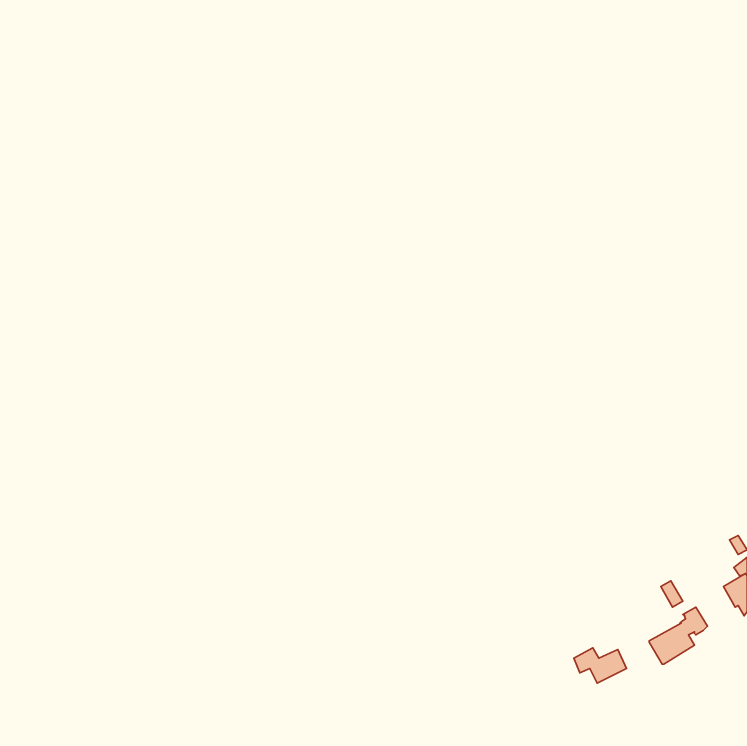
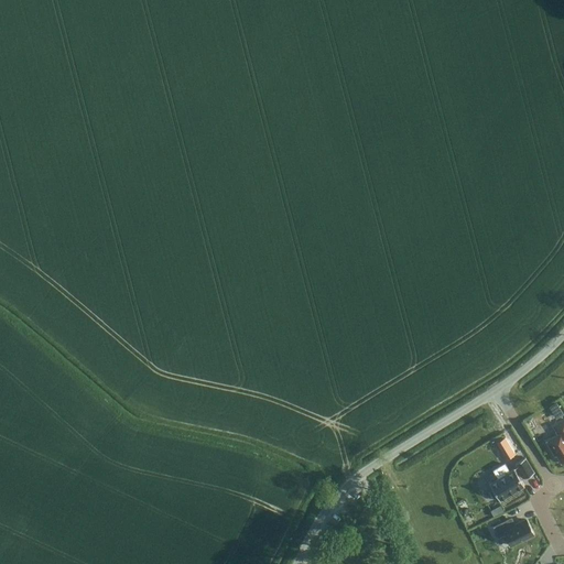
building: [574,648,627,683] -> [491,519,531,545]

